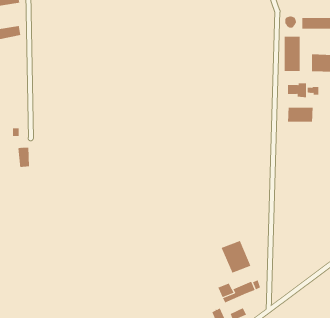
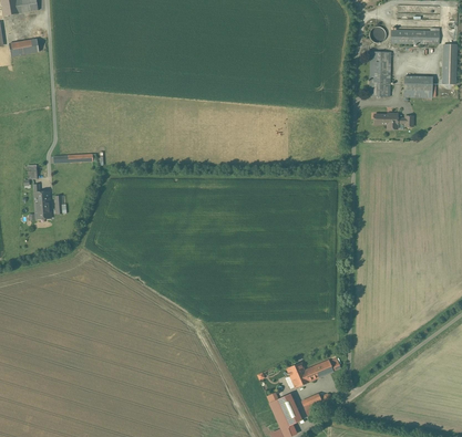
building: [288,107,313,123] -> none
building: [221,240,251,274] -> none

